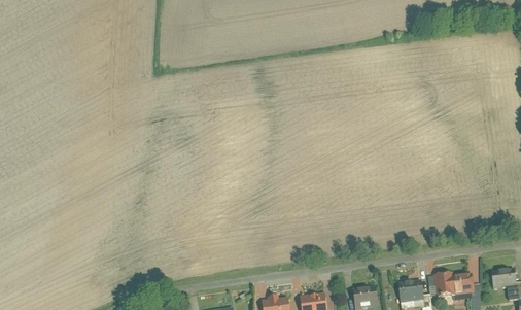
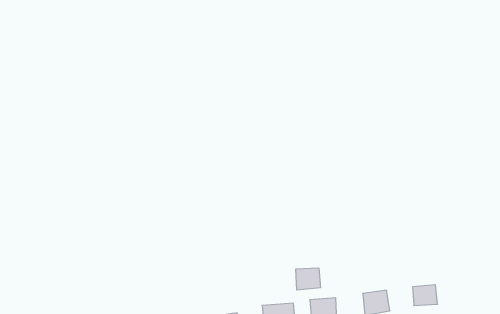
building: none -> [296,268,320,290]
building: [432,272,471,296] -> none

